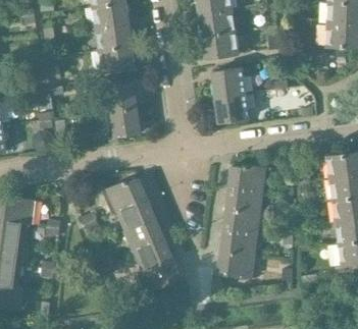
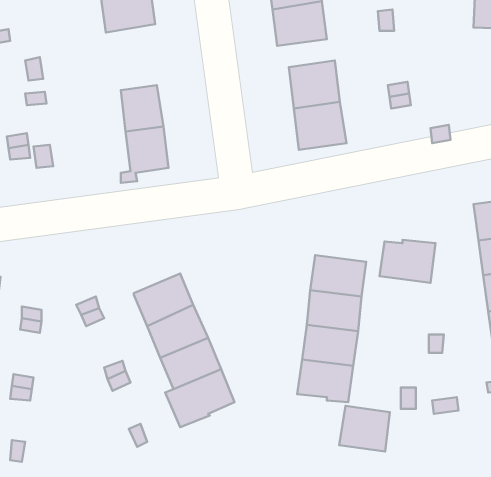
building: [100,45,134,72] -> none
building: [229,165,264,191] -> [380,240,436,283]
building: [102,178,146,214] -> none
building: none -> [339,406,390,452]

